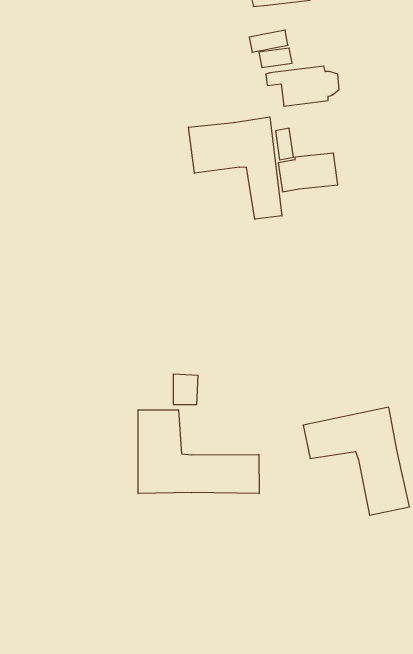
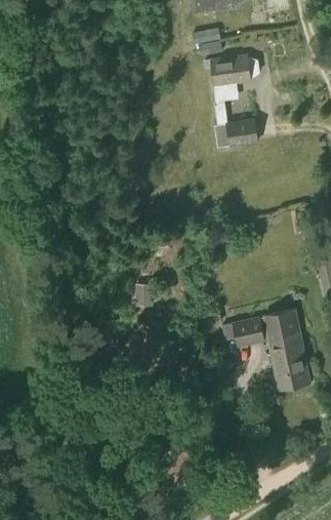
building: [189,117,282,219] -> none
building: [138,410,259,494] -> none

